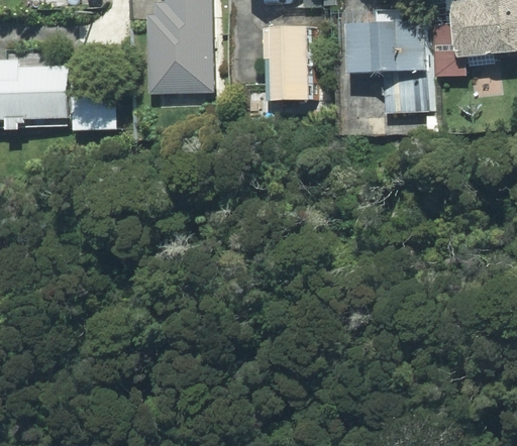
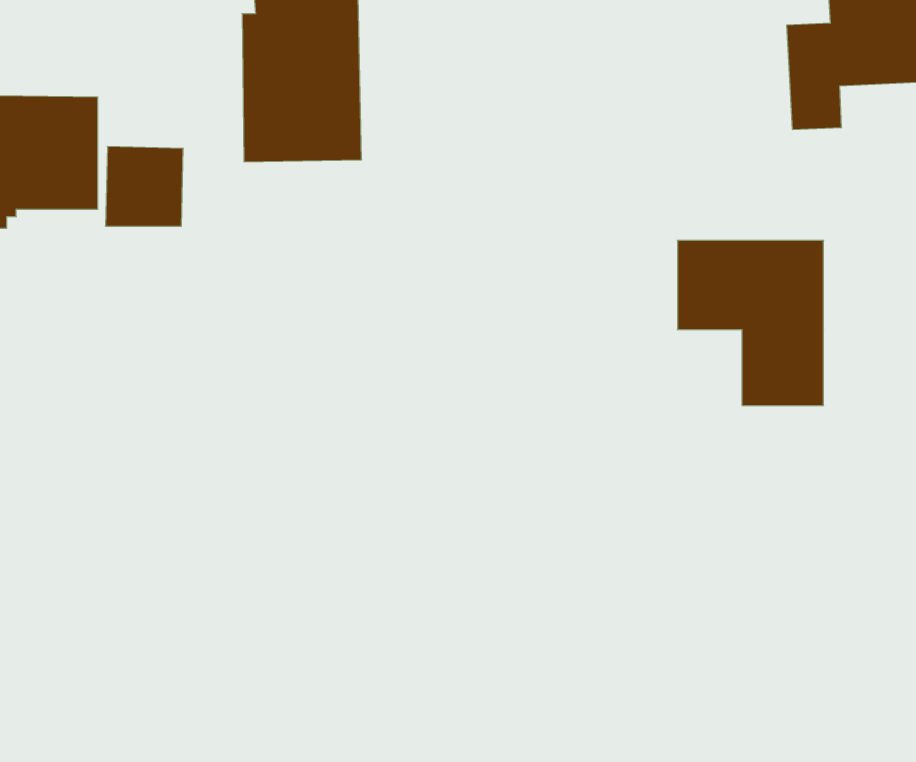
building: [349,23,427,111] -> [677,240,824,405]
building: [274,26,314,100] -> none

